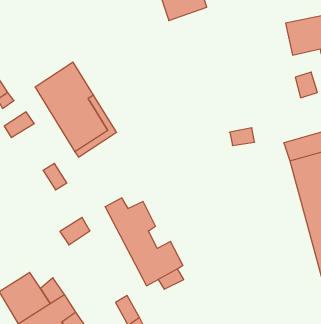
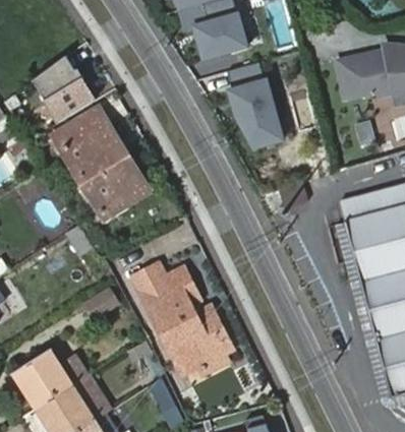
building: none -> [32,58,94,125]
building: none -> [231,62,290,146]

